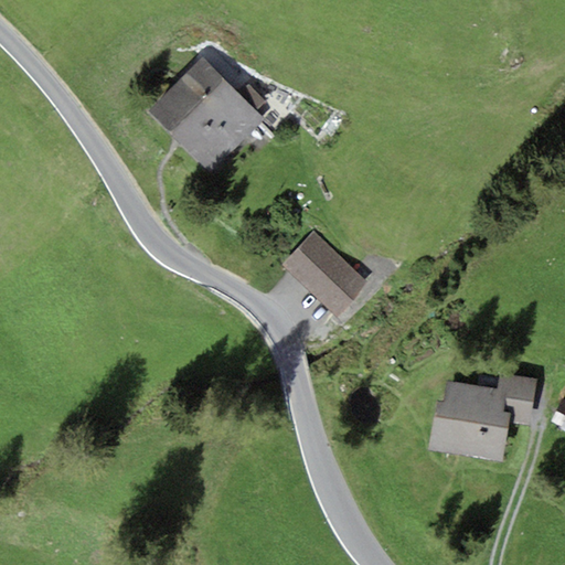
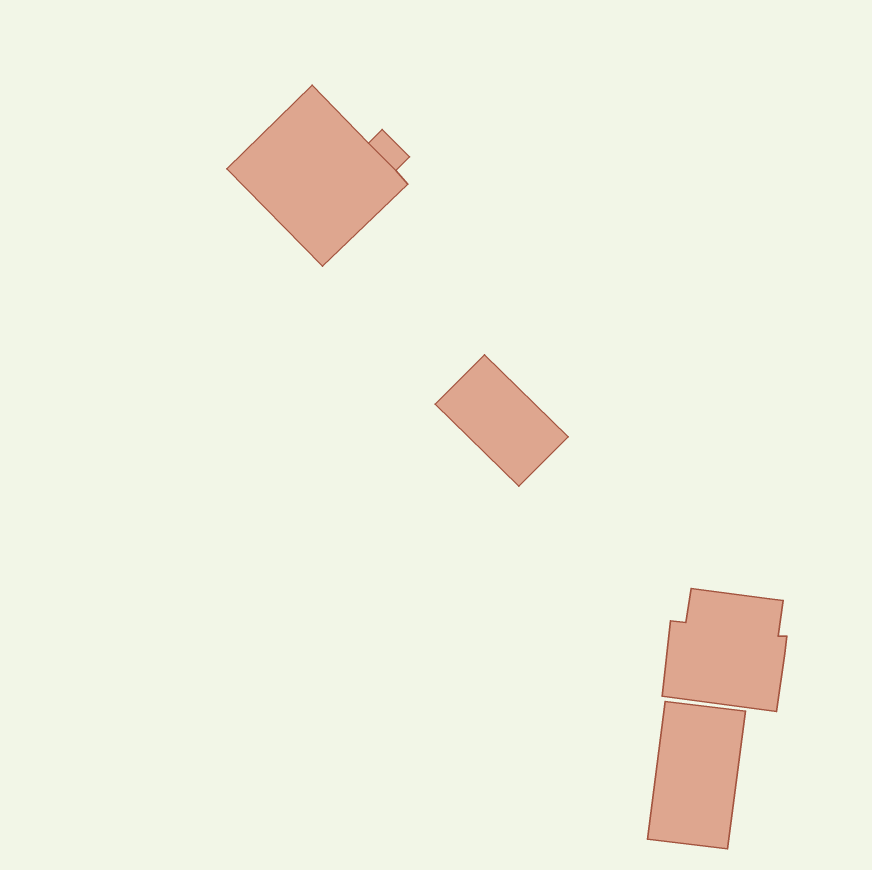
building: [498,373,536,425] -> none
building: none -> [647,702,745,849]

